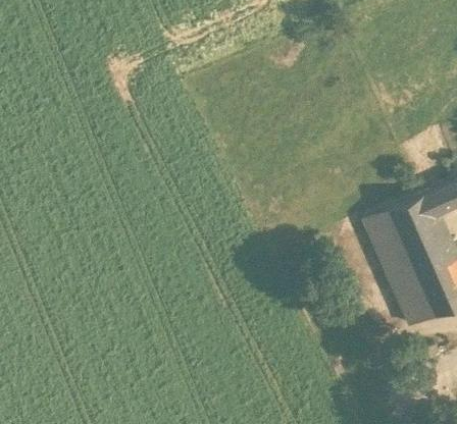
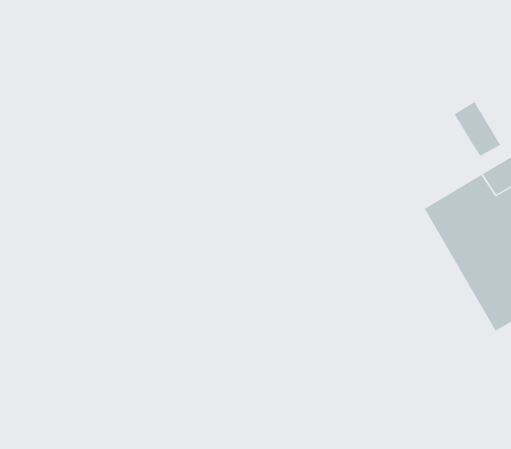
building: none -> [454,101,501,157]

